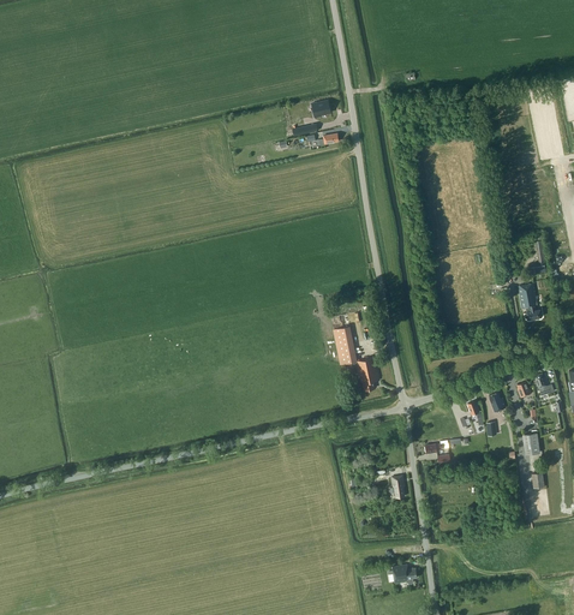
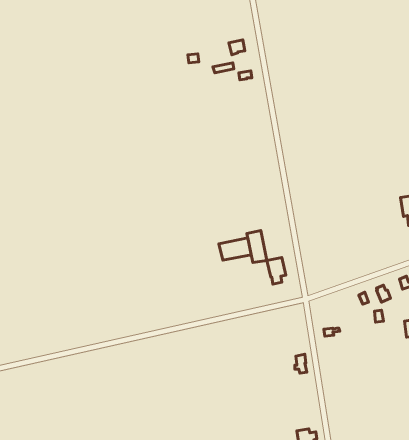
building: none -> [219,238,251,260]

